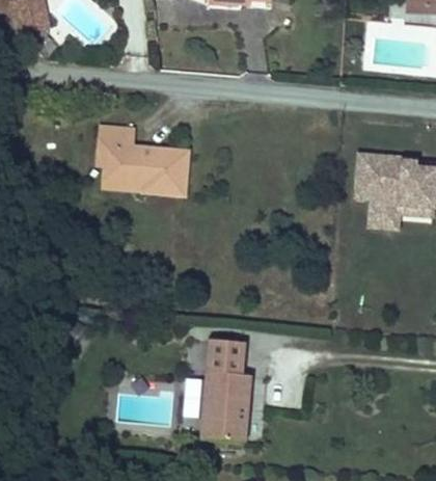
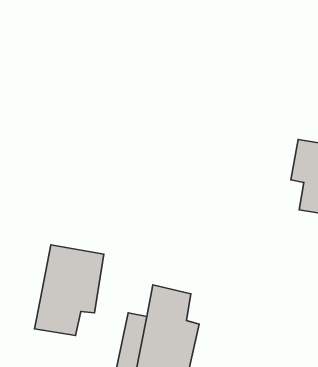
building: [100,124,190,196] -> none
building: none -> [35,245,104,335]

